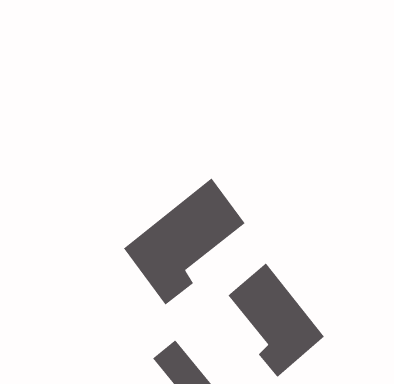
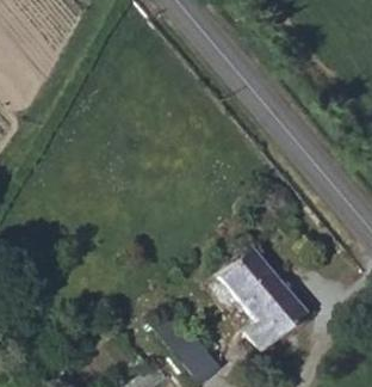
building: [123,177,245,306] -> none

